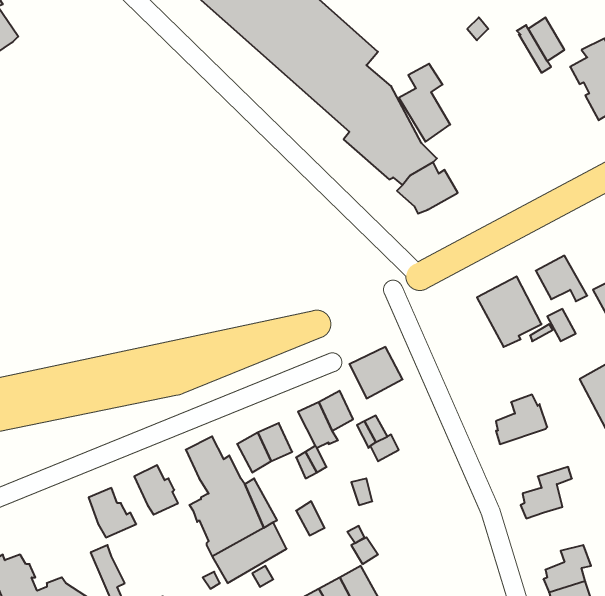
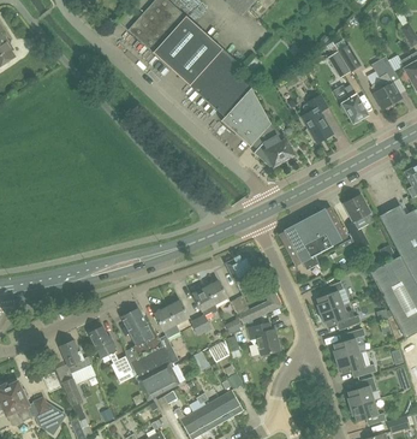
building: [399,64,450,142] -> [300,94,333,143]
building: none -> [339,84,368,121]
building: none -> [279,220,322,269]
building: none -> [320,303,362,328]
building: none -> [246,321,280,355]
building: none -> [336,350,376,376]

